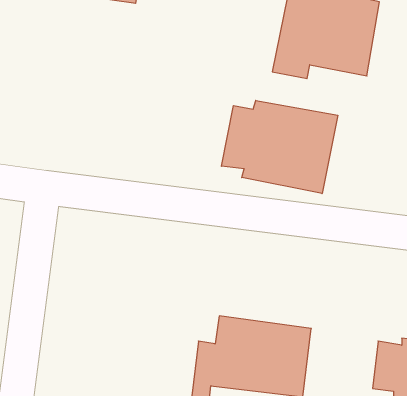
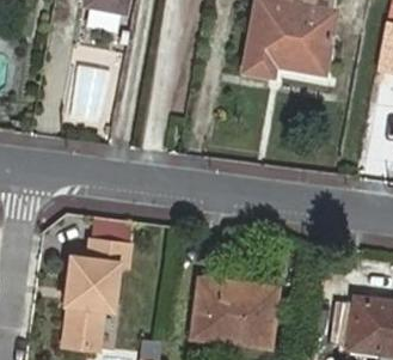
building: [221,100,338,194] -> none
building: none -> [59,238,125,342]

